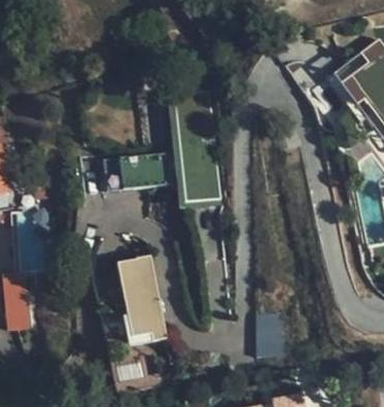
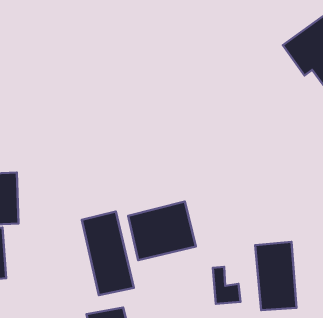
building: none -> [128,202,196,260]
building: none -> [255,242,297,310]

